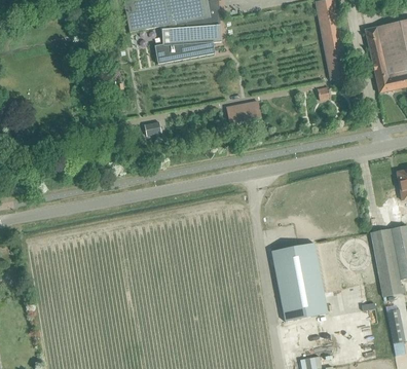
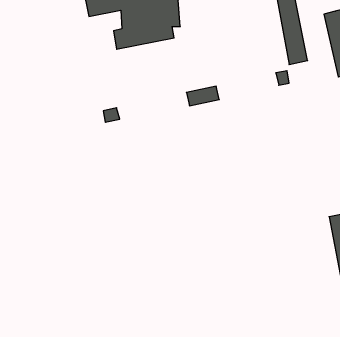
building: [270,242,328,321] -> none

